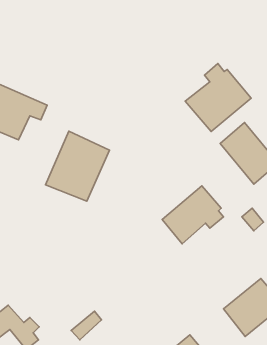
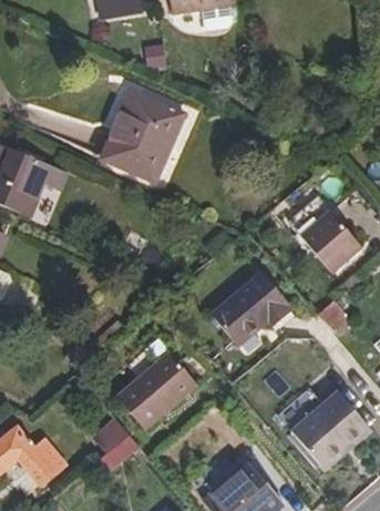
building: [185,64,251,131] -> none
building: [45,131,109,201] -> [103,85,185,175]
building: none -> [117,352,197,428]

